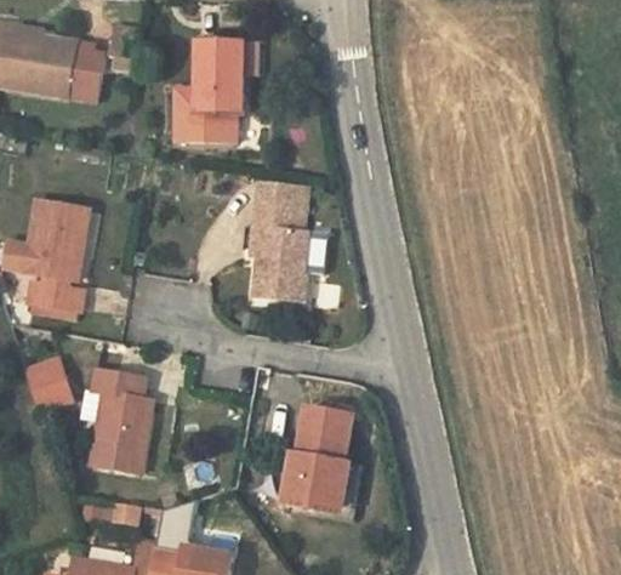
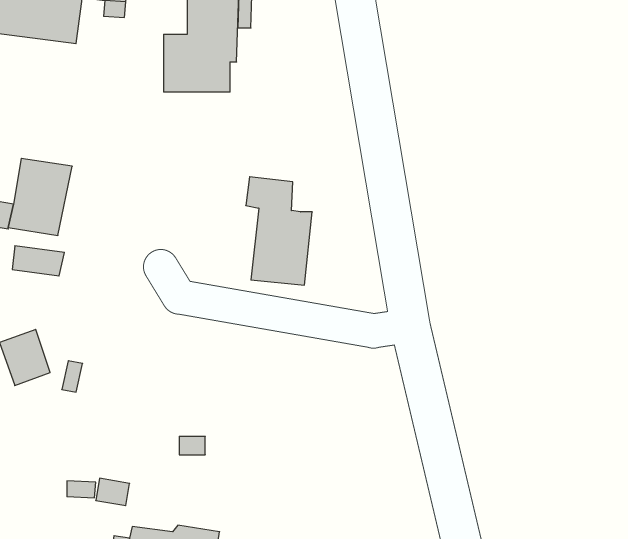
building: [252,194,306,254] -> none
building: [90,369,154,469] -> none
building: [290,411,349,506] -> none

